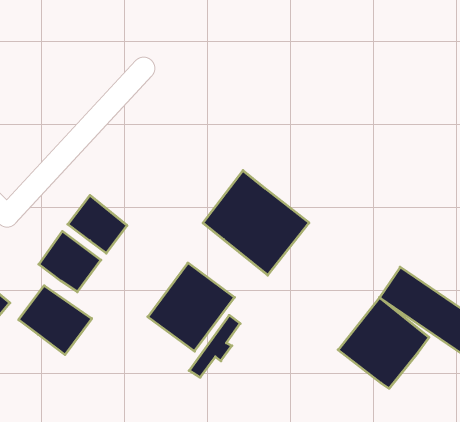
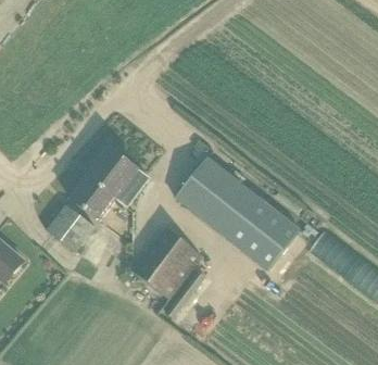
building: none -> [86,144,149,204]
building: [19,286,92,355] -> none
building: [338,297,429,388] -> [226,196,298,267]

